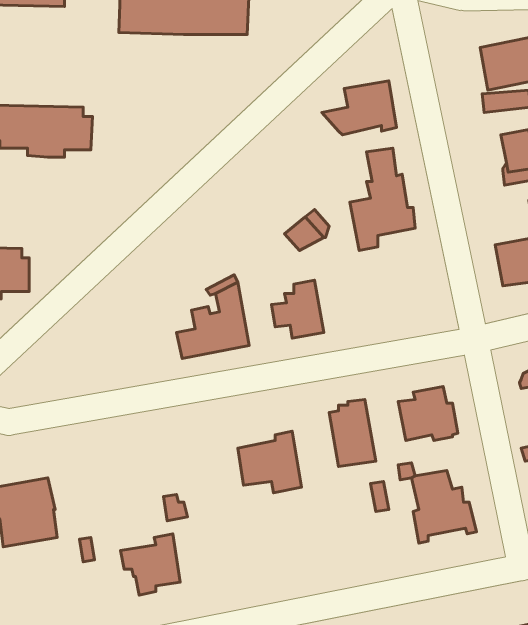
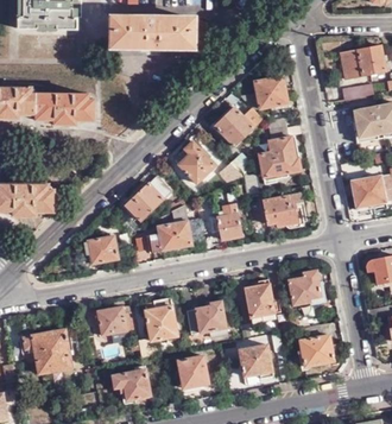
building: none -> [214,107,261,146]
building: none -> [177,134,215,183]
building: none -> [122,175,171,222]
building: none -> [261,195,306,228]
building: none -> [88,235,119,262]
building: none -> [143,296,177,340]
building: none -> [94,306,137,335]
building: none -> [239,344,272,381]
building: none -> [177,355,213,388]

